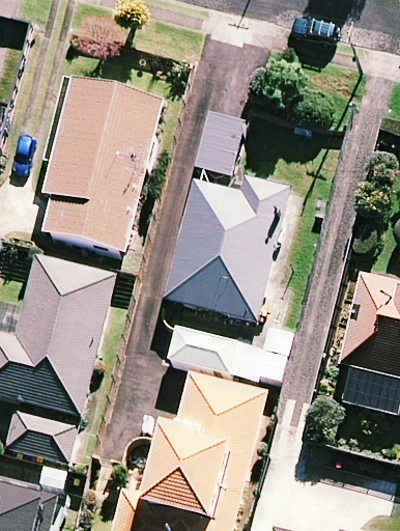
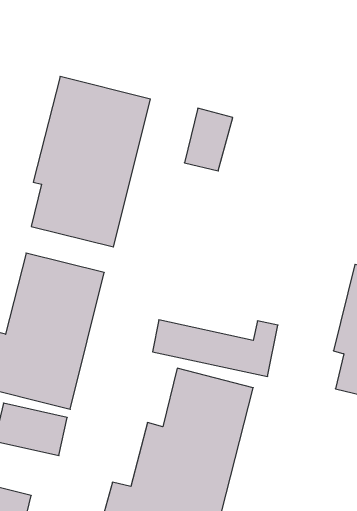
building: [165,173,291,320] -> none

